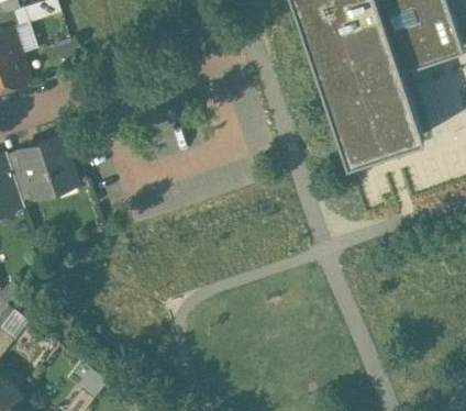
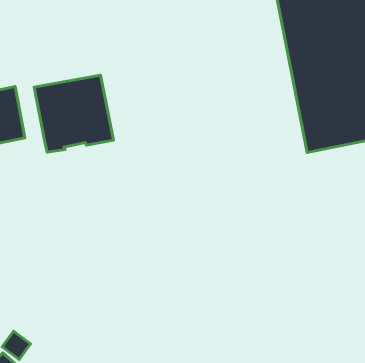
building: none -> [34,75,113,152]

